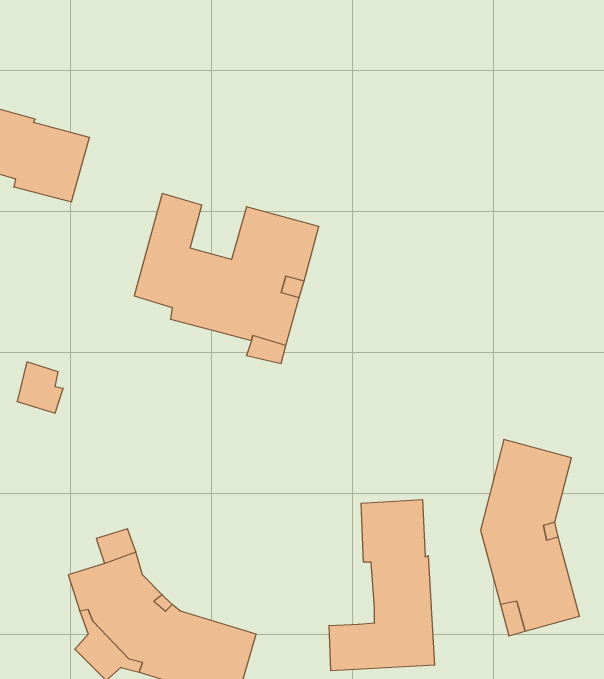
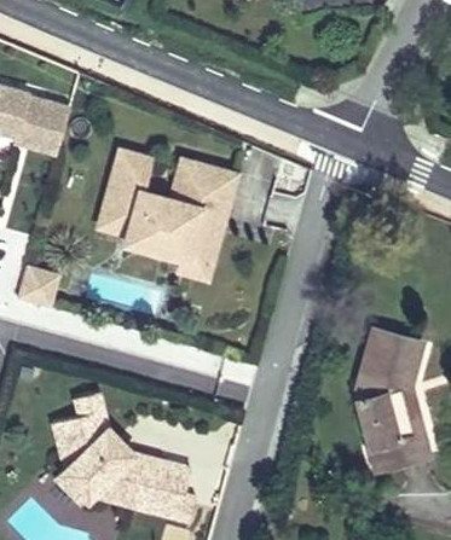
building: [329,500,434,671] -> none

